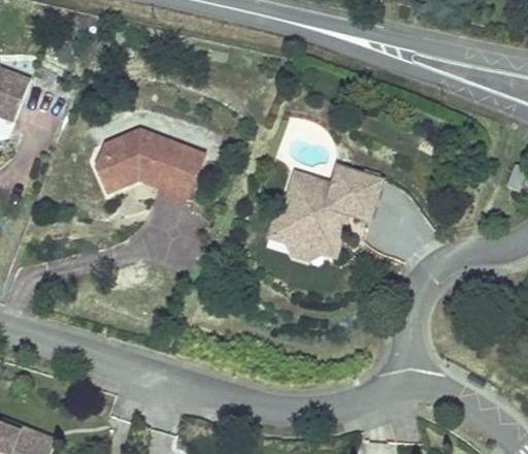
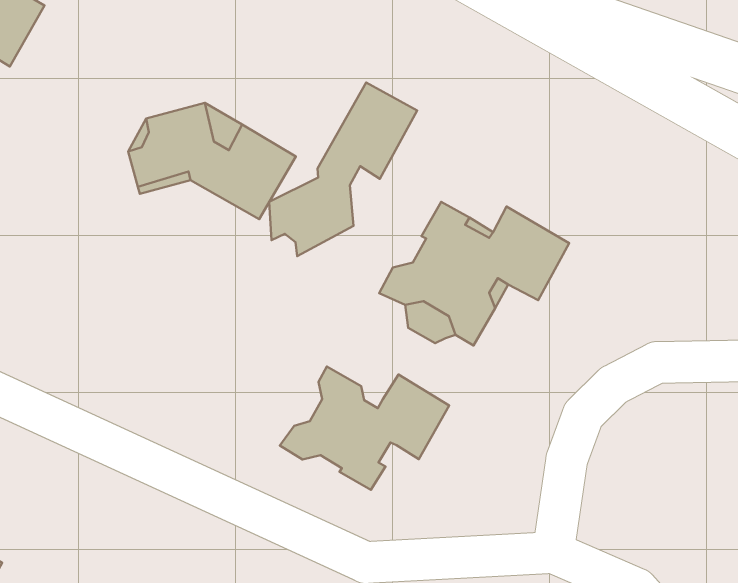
building: none -> [269,82,417,256]
building: none -> [280,366,449,490]

